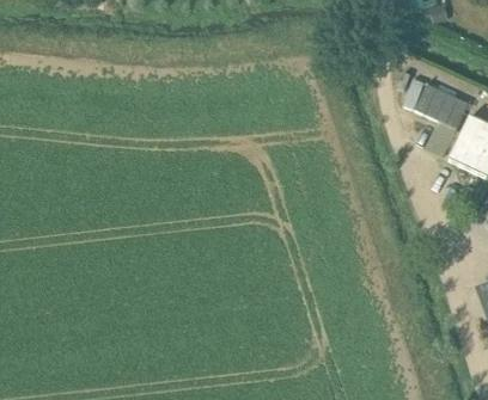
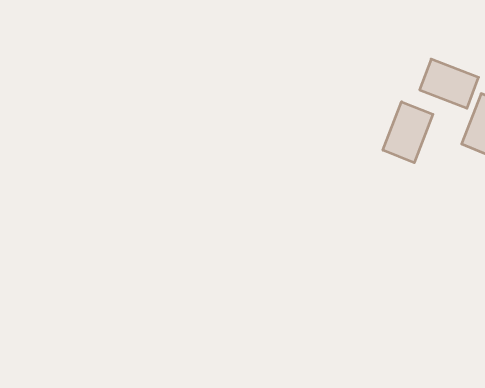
building: none -> [383,102,433,163]

